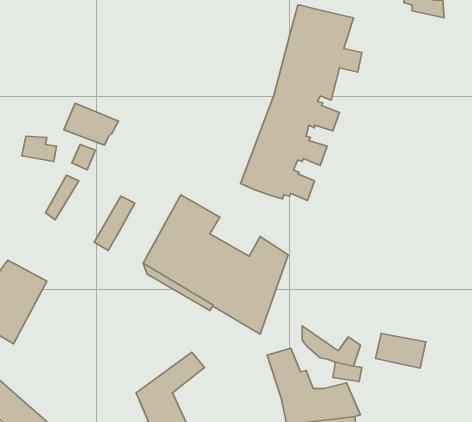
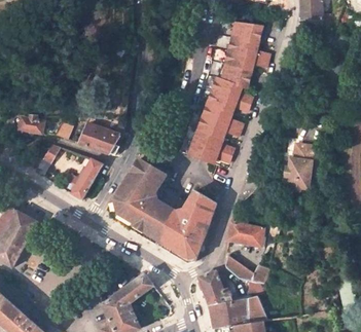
building: [64,103,118,145] -> [79,122,119,153]
building: none -> [288,143,317,189]
building: [375,333,426,368] -> [227,221,264,247]

